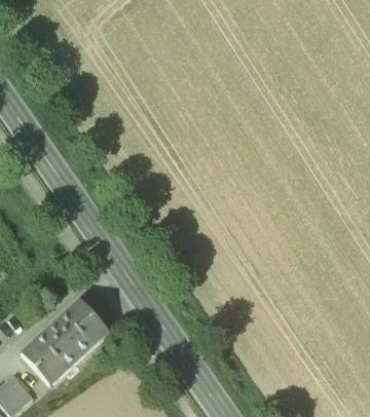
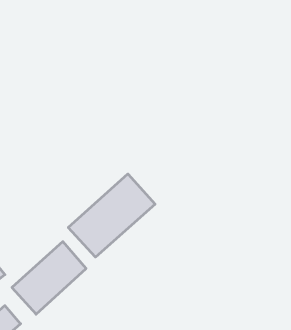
building: none -> [68,174,155,257]

